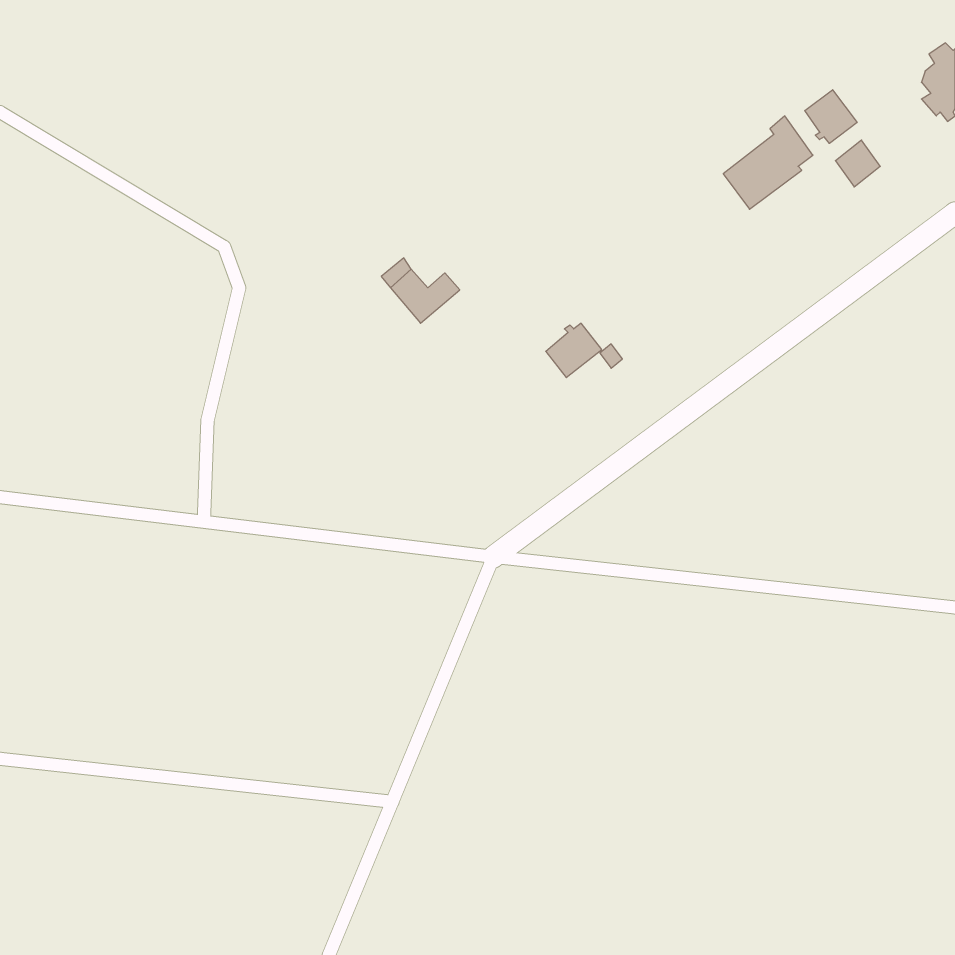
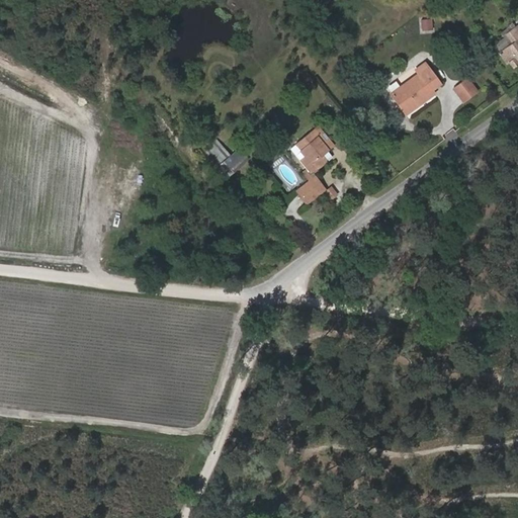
building: [805,90,857,143] -> none
building: none -> [296,126,333,173]

